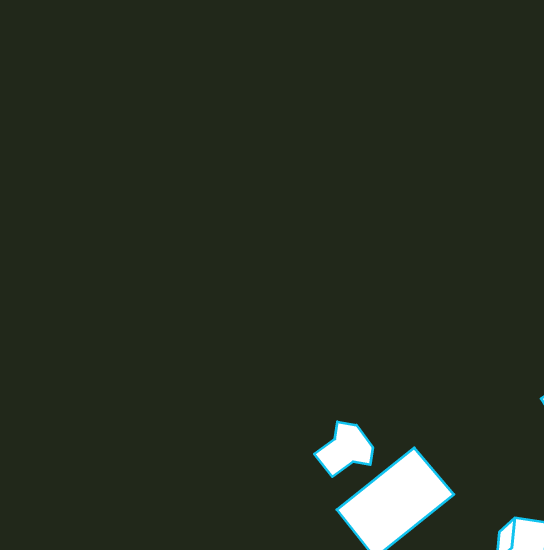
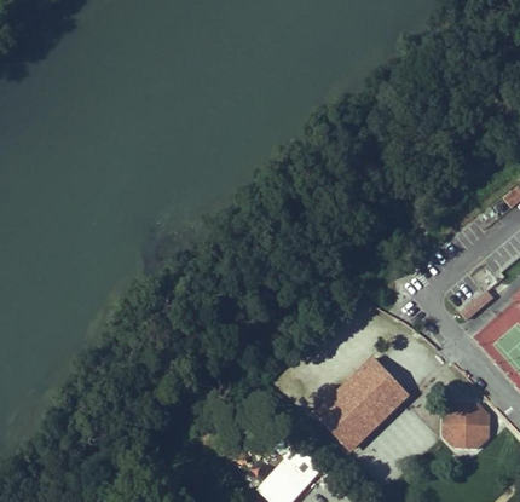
building: [314,422,373,477] -> none

